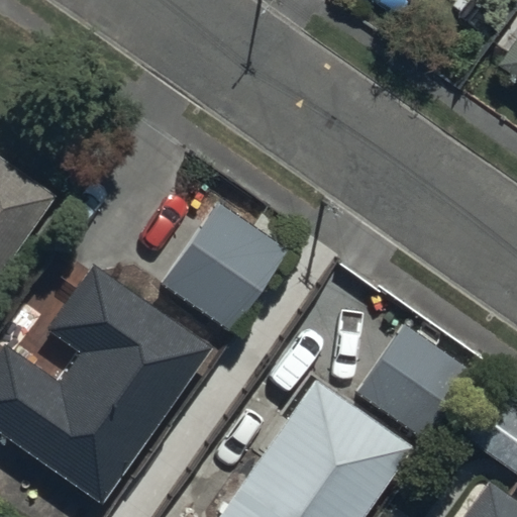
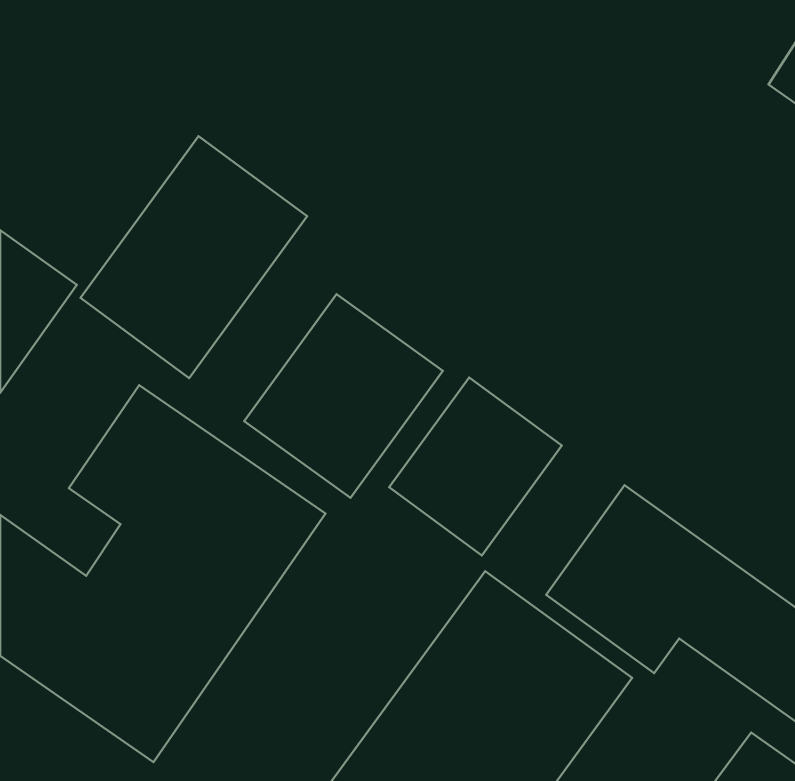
building: none -> [81,136,307,378]
building: none -> [389,377,562,555]

